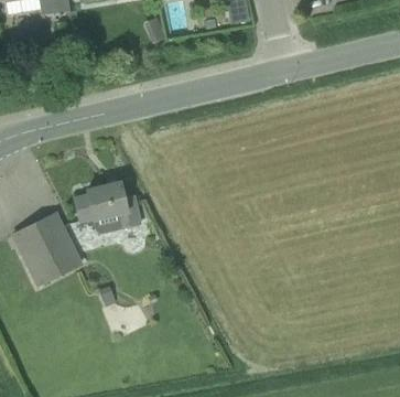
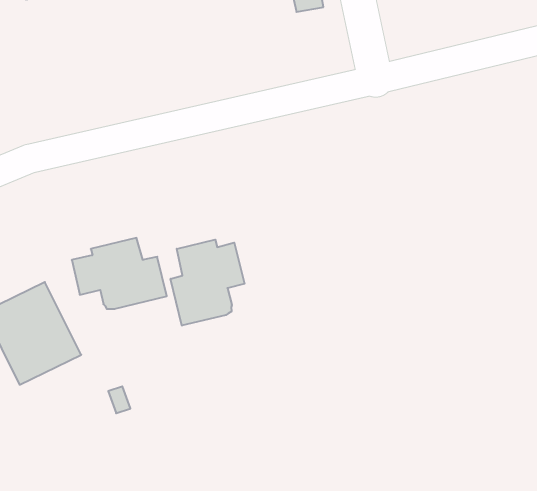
building: none -> [171,240,245,326]

